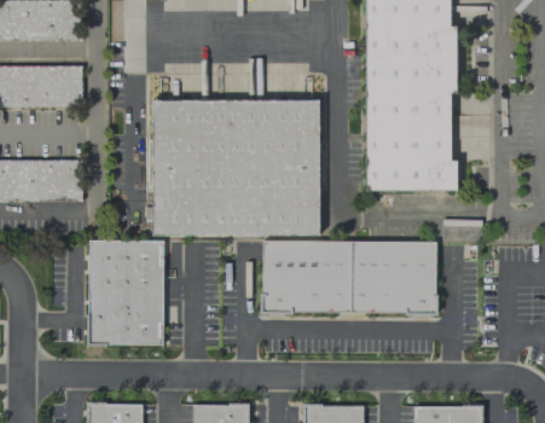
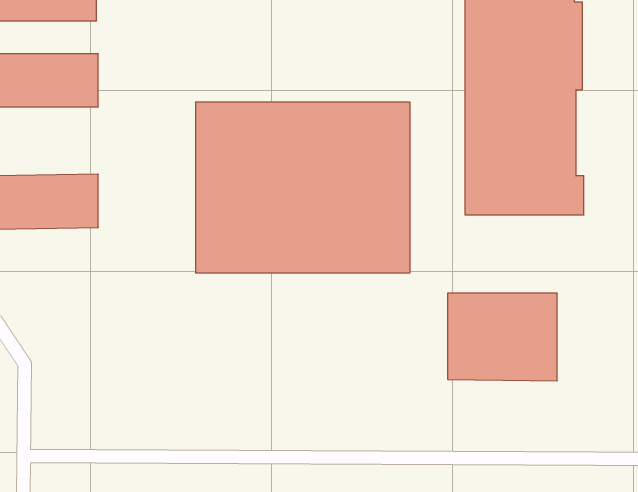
building: [93,242,166,342] -> none
building: [262,248,352,315] -> none

